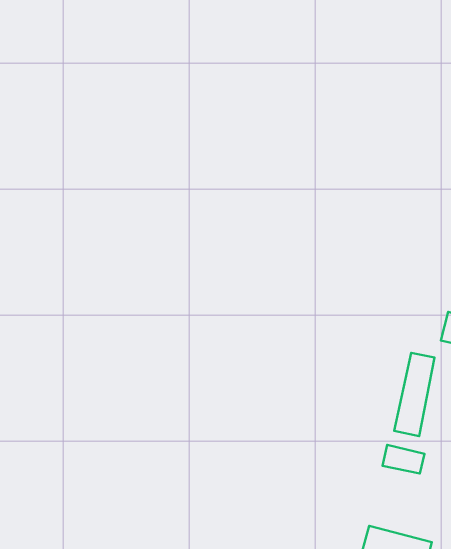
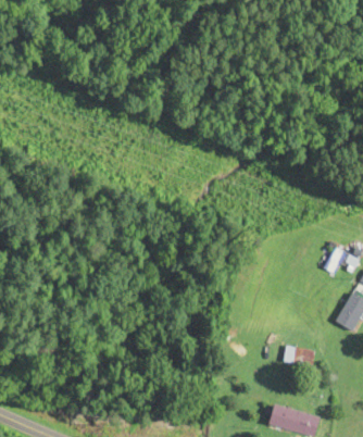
building: [394,353,435,436] -> none

